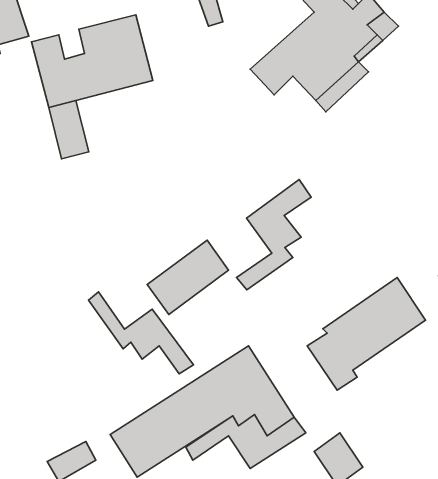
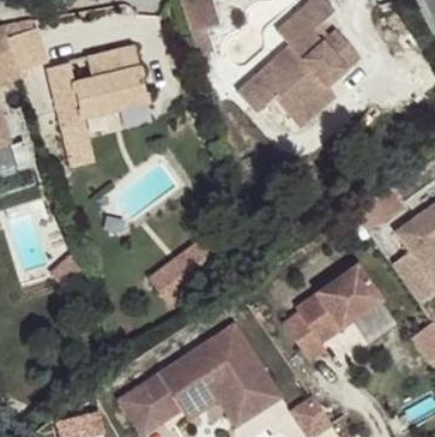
building: [237,179,311,290] -> none
building: [89,292,193,374] -> none

